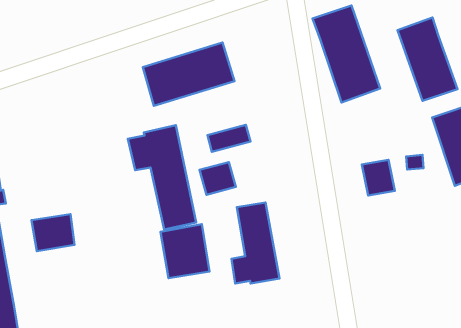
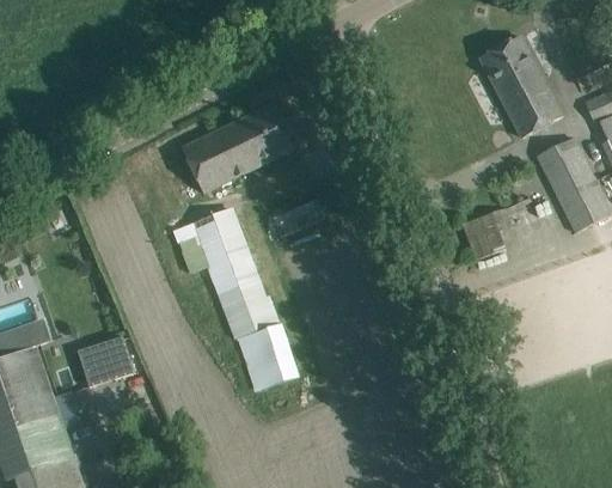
building: [312,5,380,102] -> none
building: [199,162,236,195] -> none
building: [231,202,279,284] -> none

